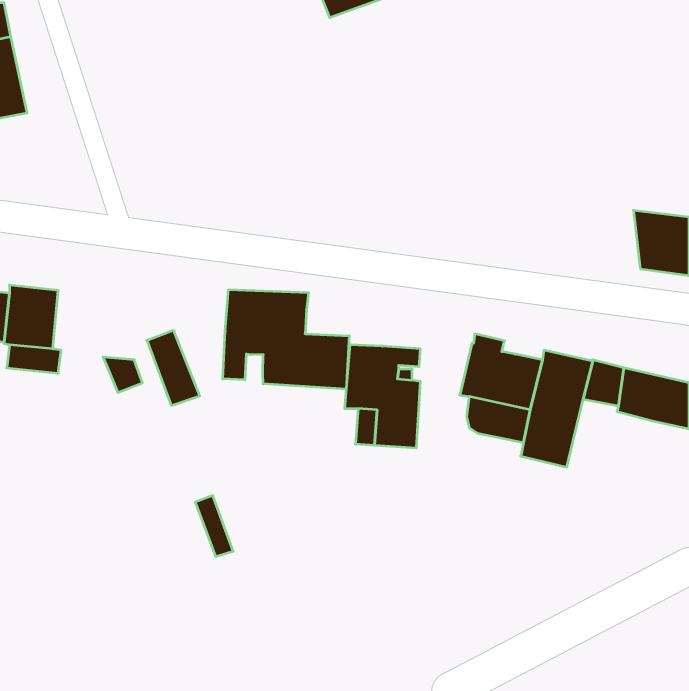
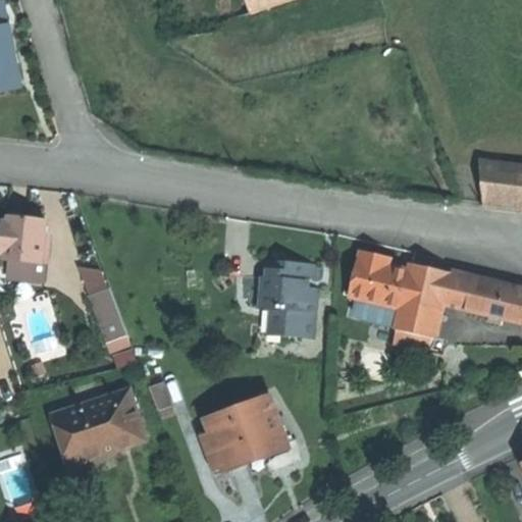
building: [223,290,349,389] -> none
building: [147,331,200,405] -> [88,288,127,344]
building: none -> [55,390,147,461]
building: none -> [207,396,286,469]

